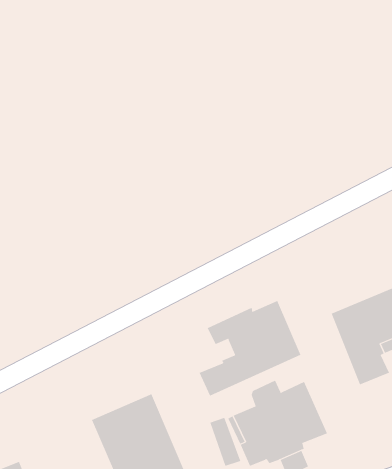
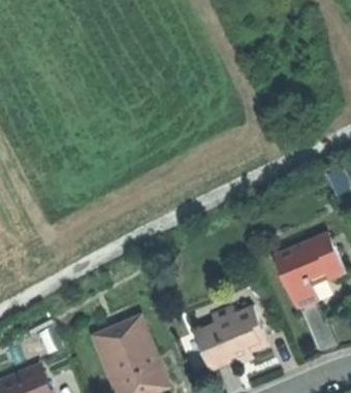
building: [199,300,301,396] -> none

